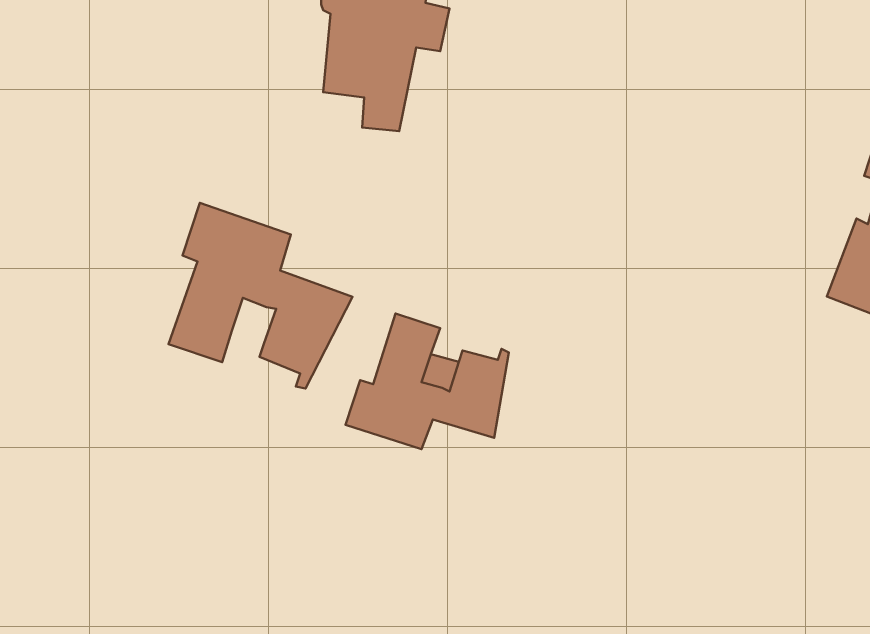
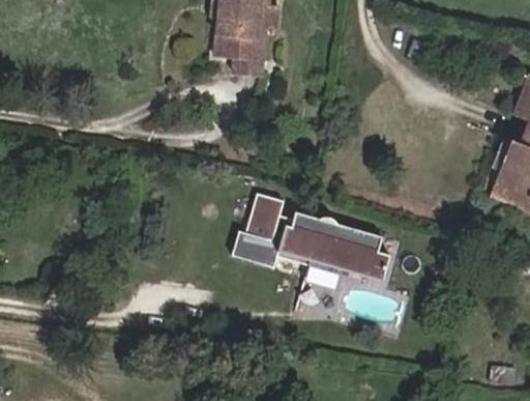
building: [168,203,352,388] -> none
building: none -> [313,211,385,281]

